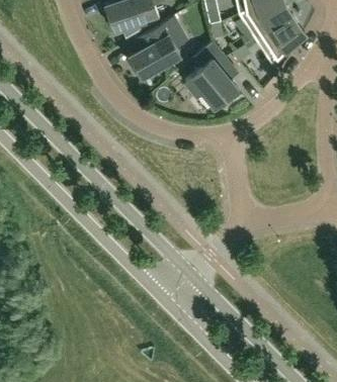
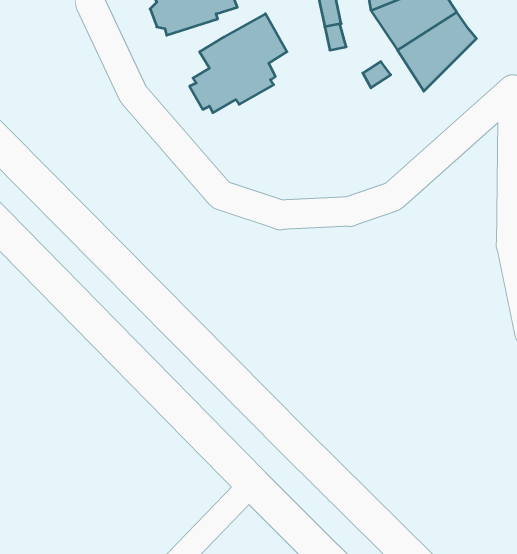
building: [185,42,237,107] -> none

